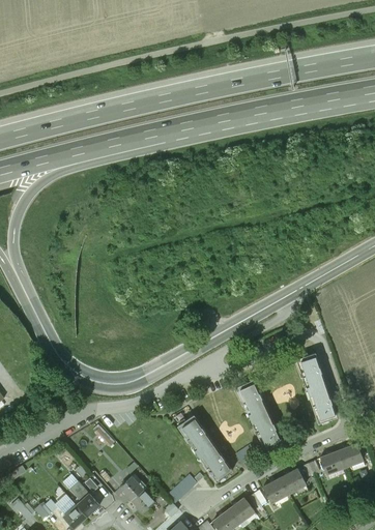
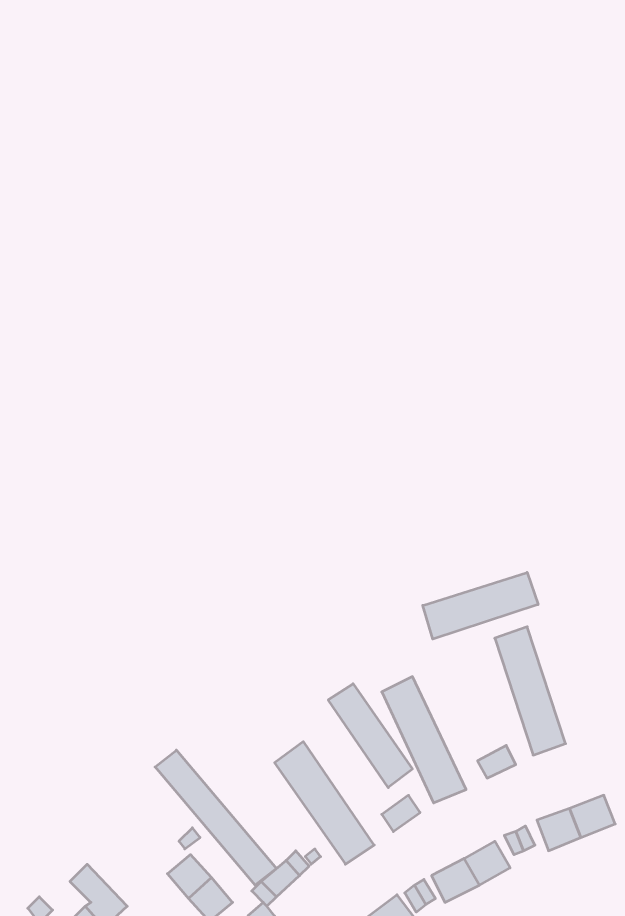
building: none -> [423,572,538,639]
building: none -> [328,684,412,788]
building: none -> [155,750,277,885]

